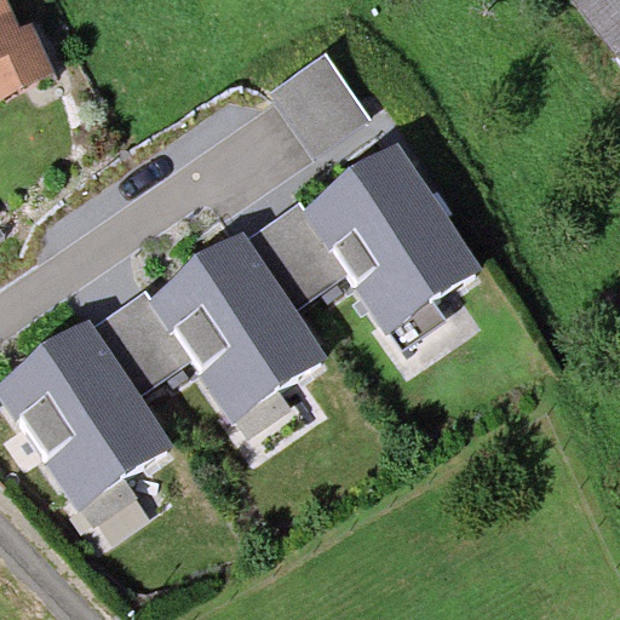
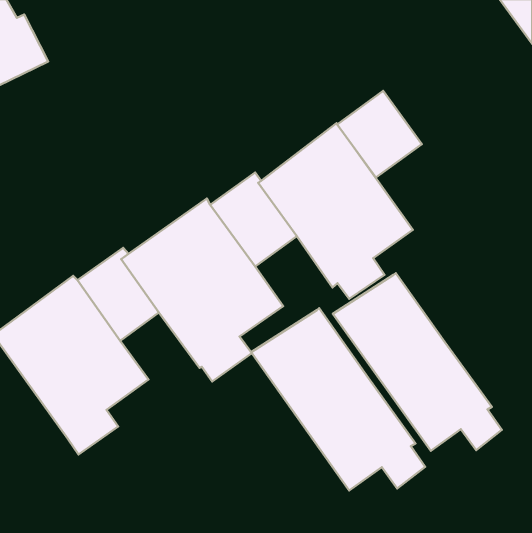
building: [269,54,367,155] -> [337,91,422,178]
building: none -> [333,273,502,451]
building: none -> [251,308,425,491]

